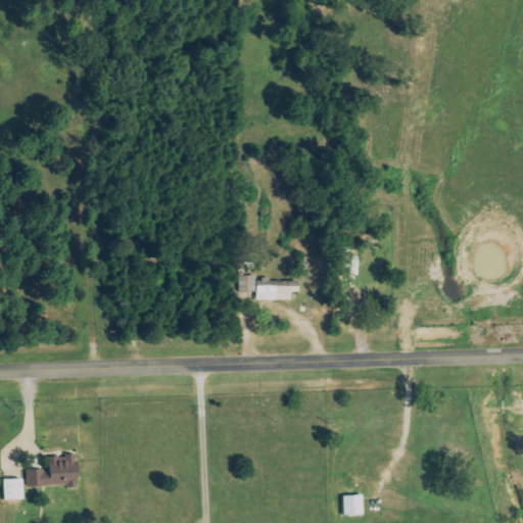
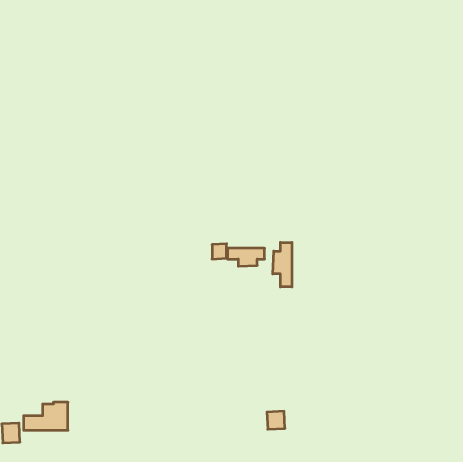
building: none -> [273,242,292,287]
building: [342,493,363,514] -> [267,411,285,429]

